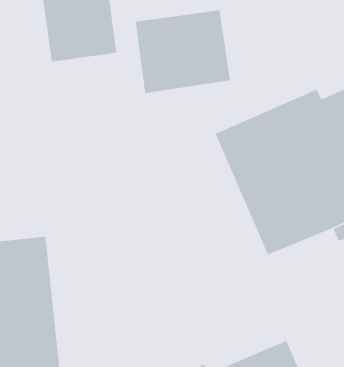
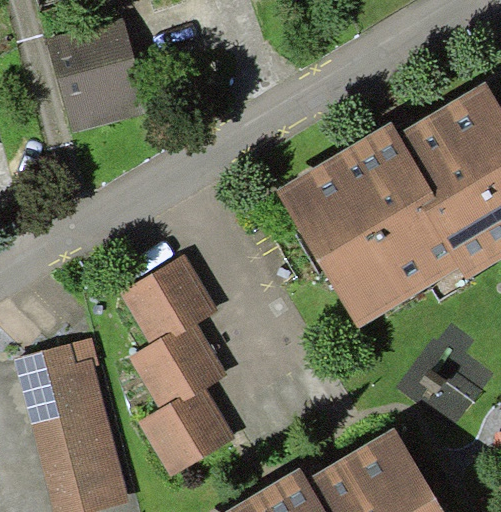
building: [135,9,231,94] -> none
building: none -> [120,254,236,475]

